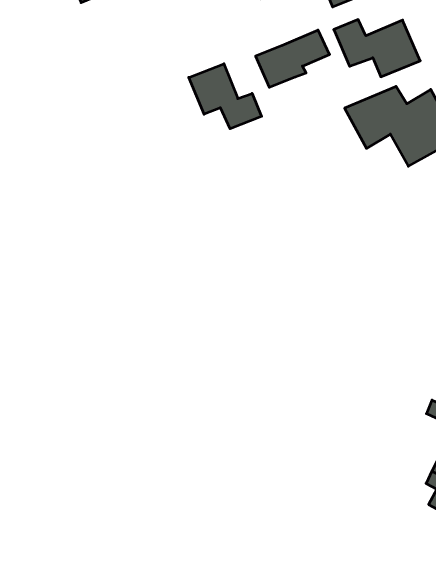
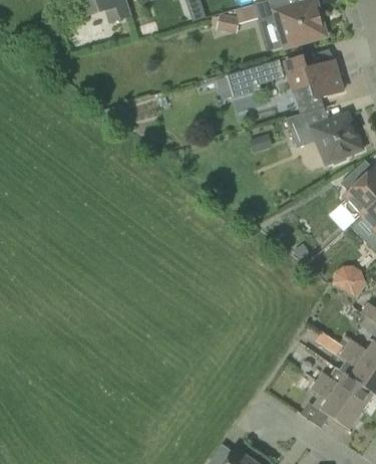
building: [189,64,262,129] -> none

